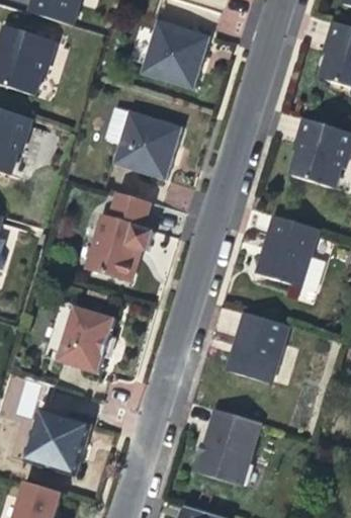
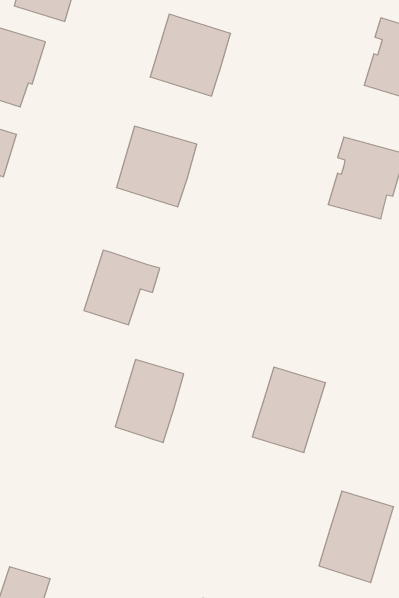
building: [105,190,147,227] -> none
building: [257,218,318,287] -> none
building: [56,303,113,372] -> [115,360,184,443]
building: [196,409,259,486] -> [319,491,394,583]
building: [19,410,87,473] -> none

